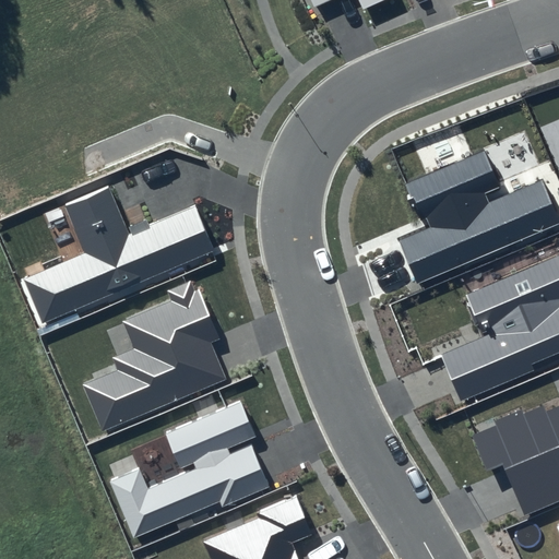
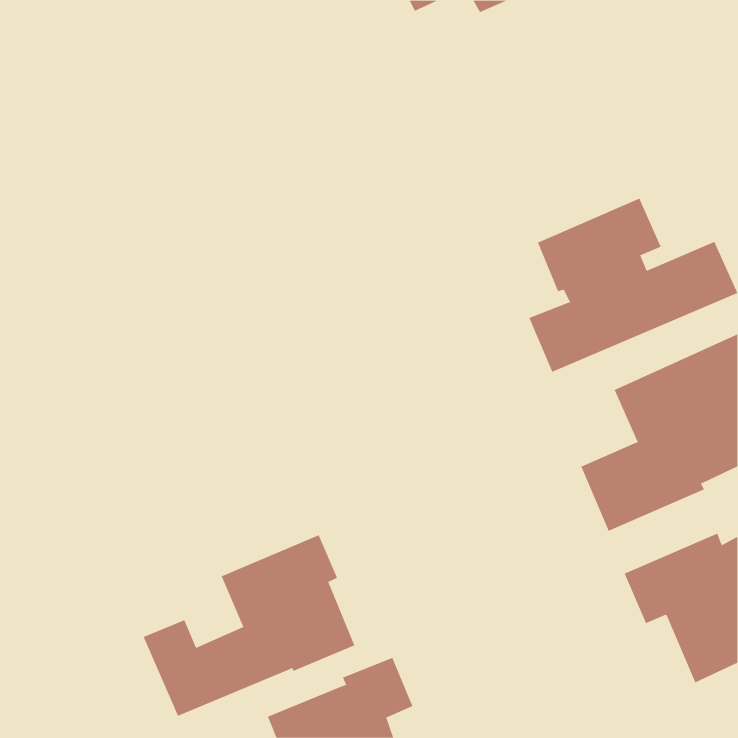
building: [24,187,215,324] -> none
building: [83,281,227,431] -> none

